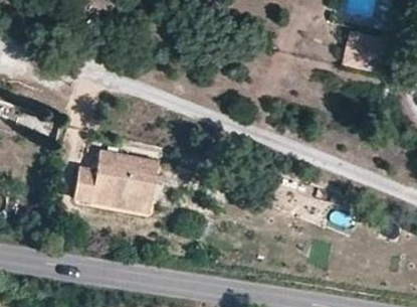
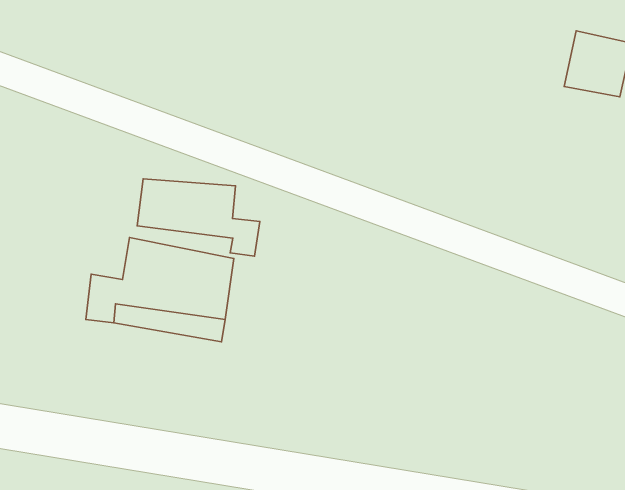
building: none -> [137,179,260,256]

